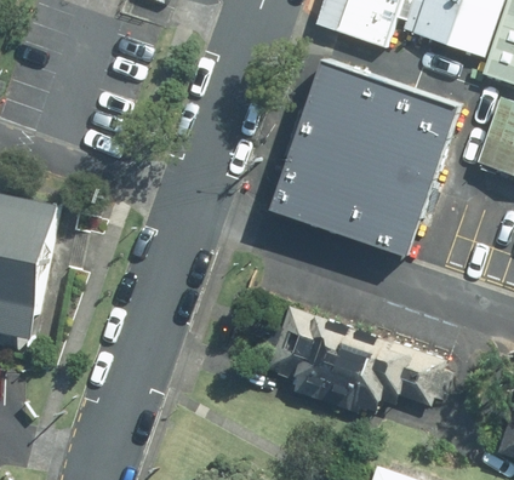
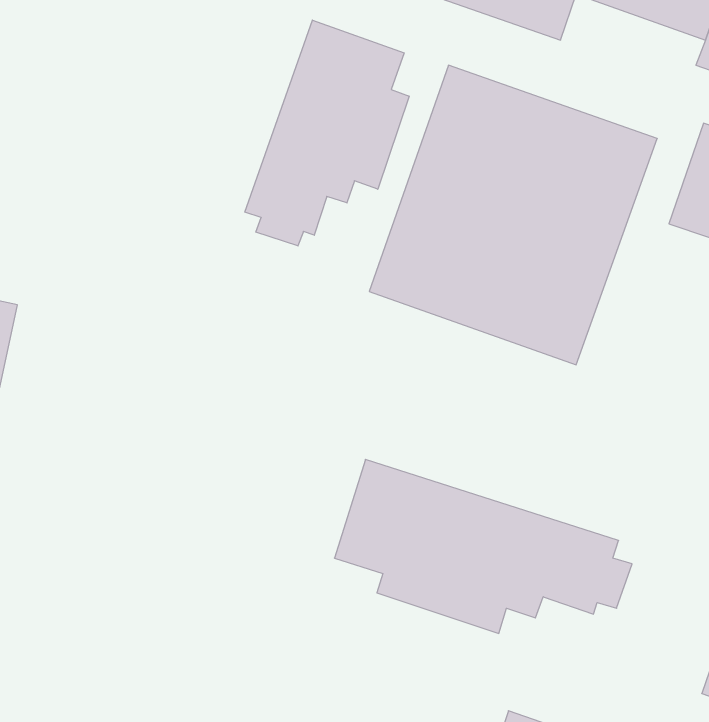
building: none -> [245,20,409,246]

